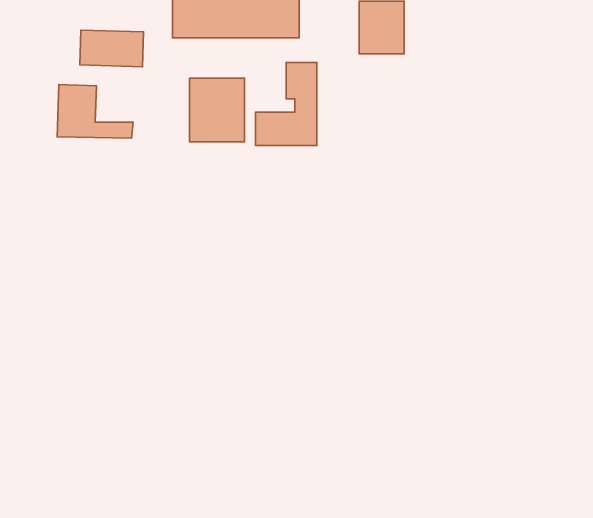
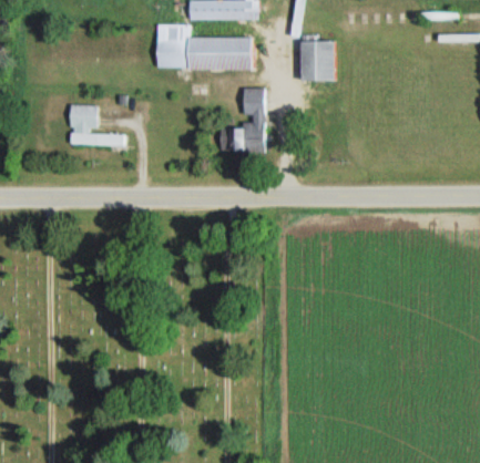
building: [80,30,144,67] -> none
building: [190,78,244,142] -> none

